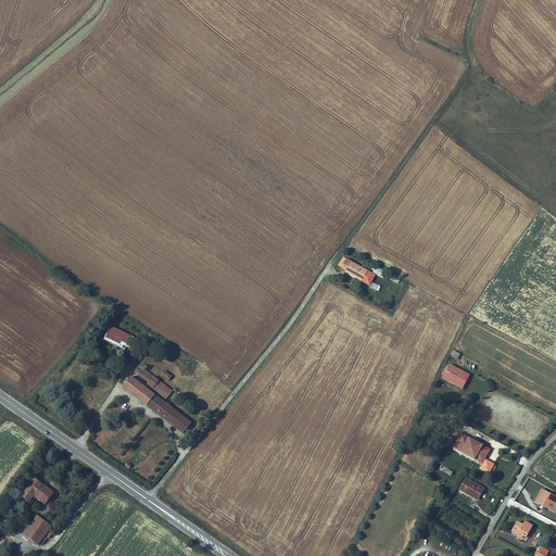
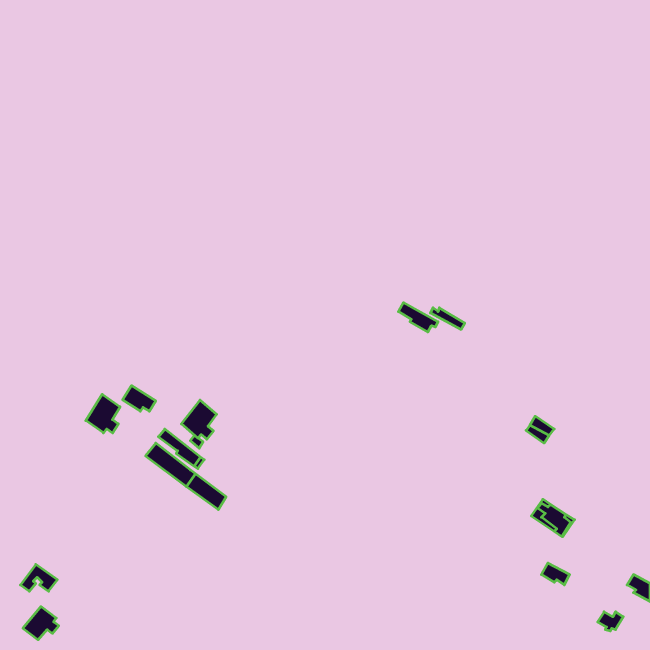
building: none -> [86,394,120,433]
building: none -> [181,400,217,439]

